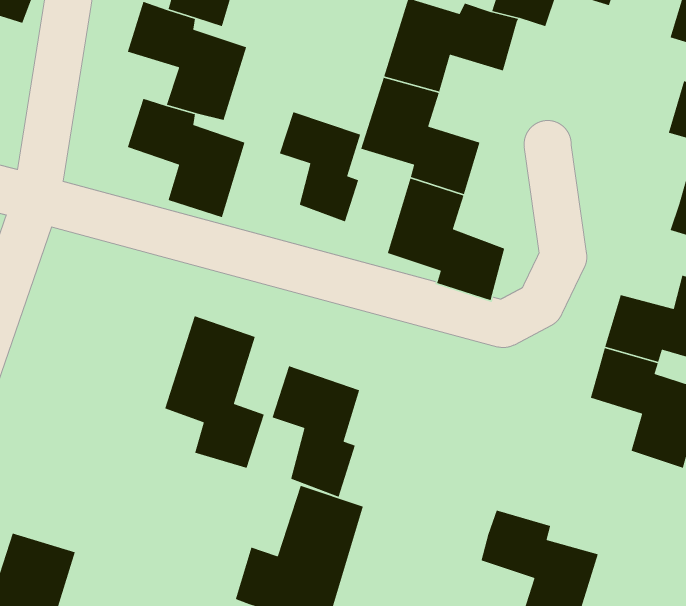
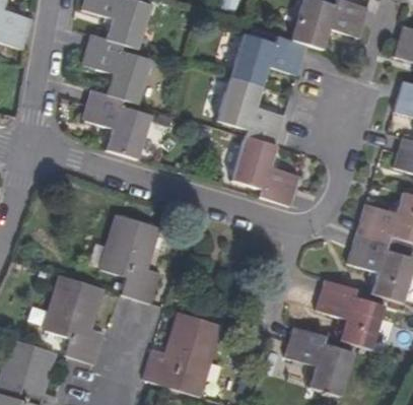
building: [279,111,361,223] -> none
building: [272,365,360,498] -> none
building: none -> [46,275,104,363]
building: none -> [317,280,385,350]

